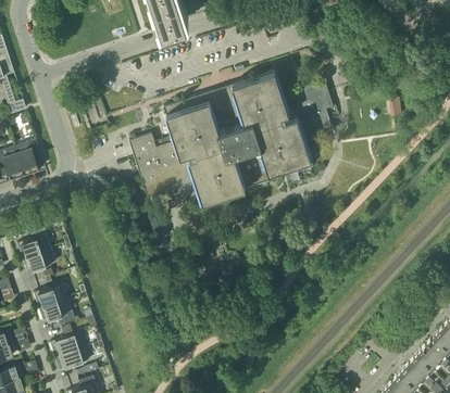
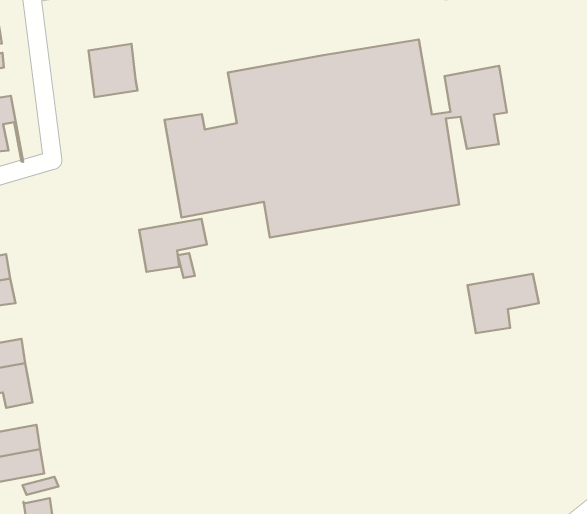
building: none -> [139,219,207,272]
building: none -> [468,274,539,333]

